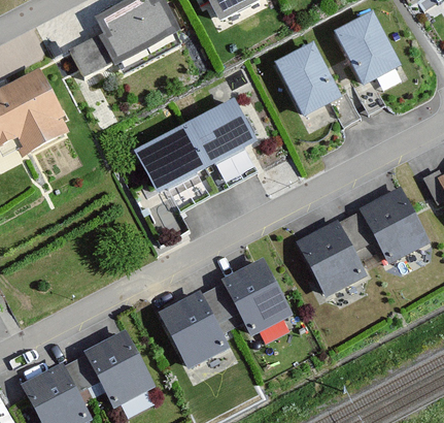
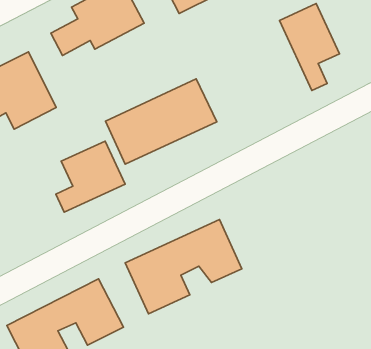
building: [276,44,357,127] -> none
building: none -> [56,141,125,212]
building: [291,183,434,299] -> none

